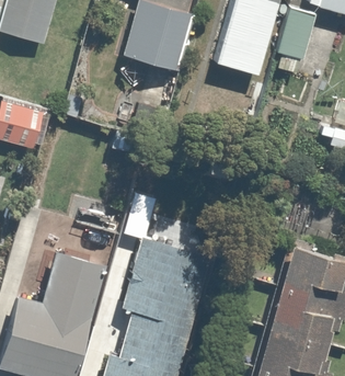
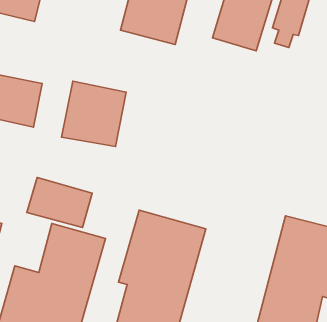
building: none -> [62,81,126,147]
building: none -> [27,177,92,228]

